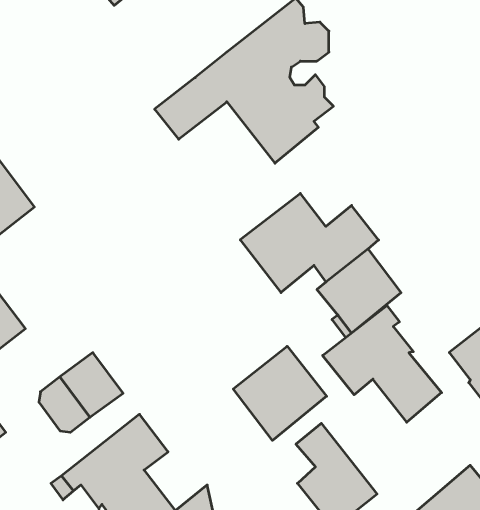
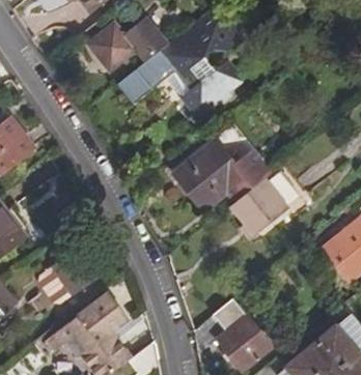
building: none -> [89,17,167,69]
building: [323,306,442,422] -> none
building: [233,346,327,440] -> none

